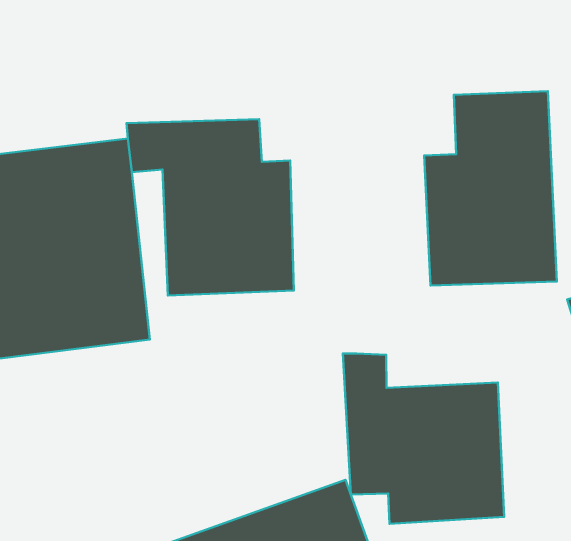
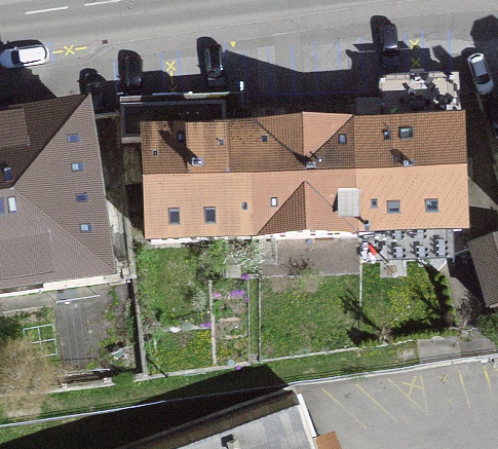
building: none -> [246,128,358,236]
building: [343,353,504,524] -> none

